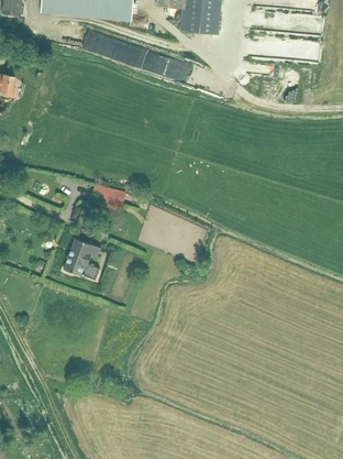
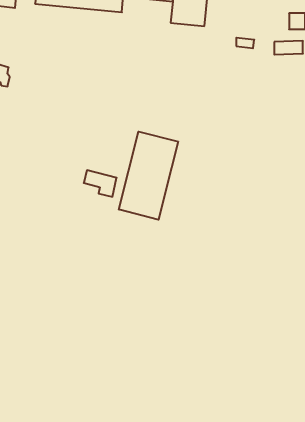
building: none -> [119,132,178,220]
building: [64,238,100,280] -> none

